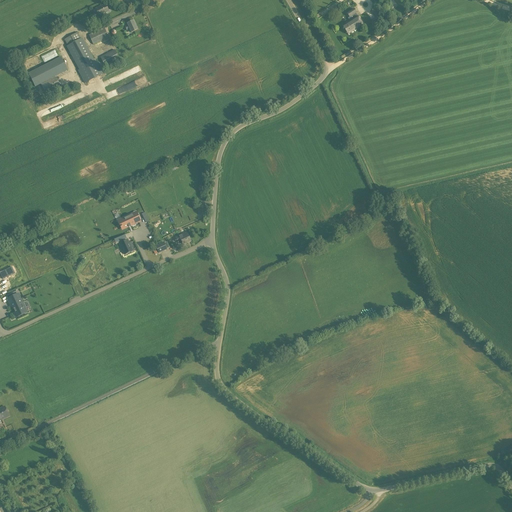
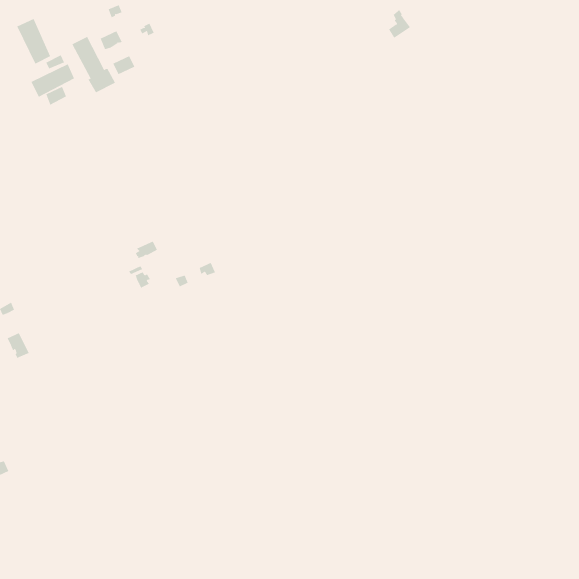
building: none -> [17,18,51,64]

